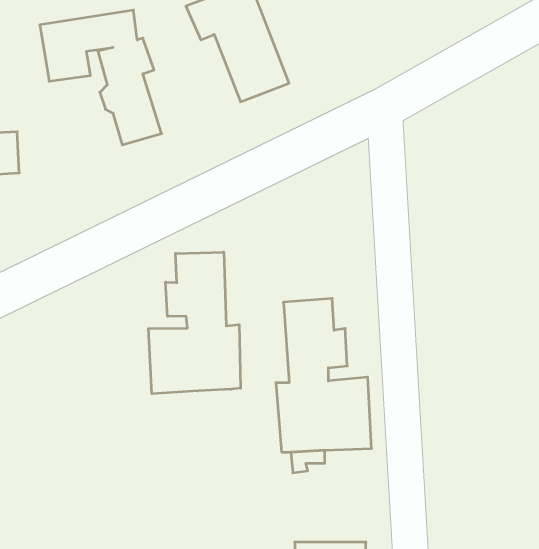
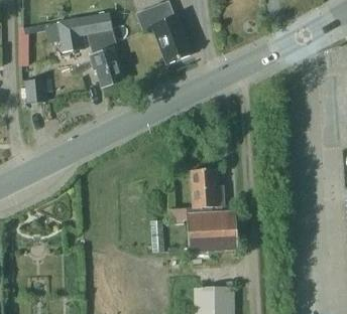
building: [148,252,241,394] -> none

